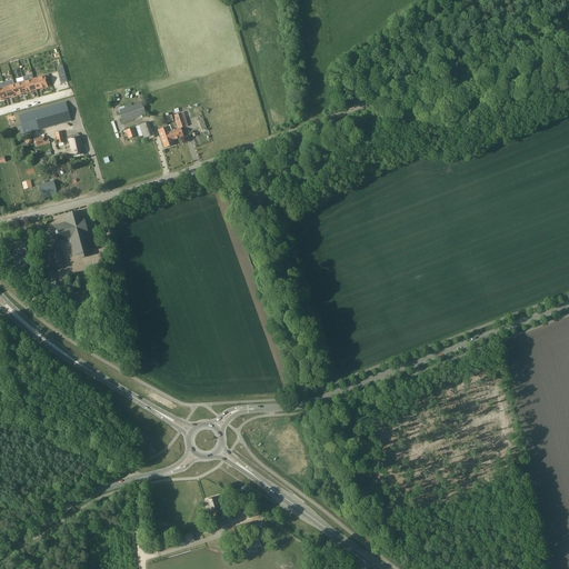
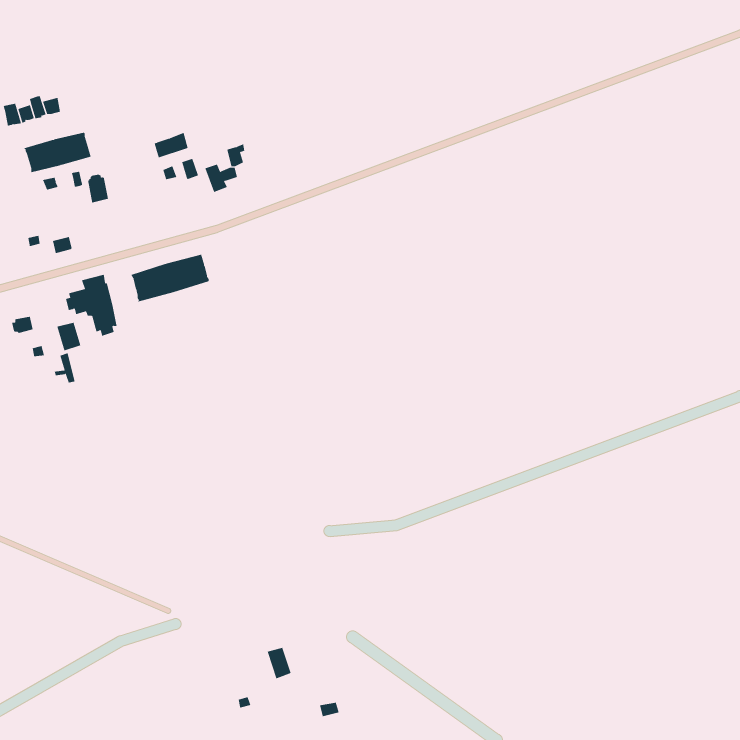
building: none -> [130,254,210,302]

